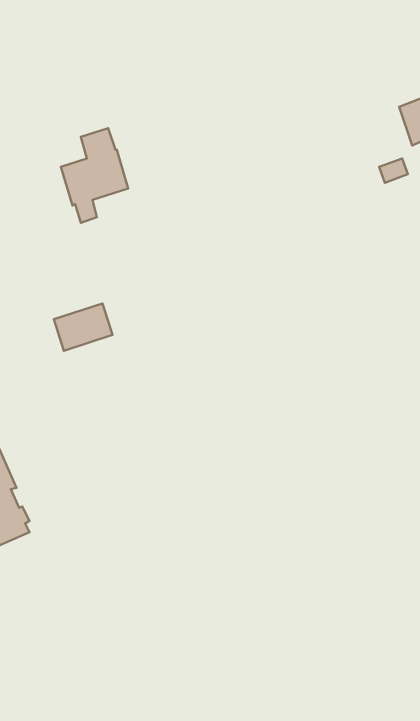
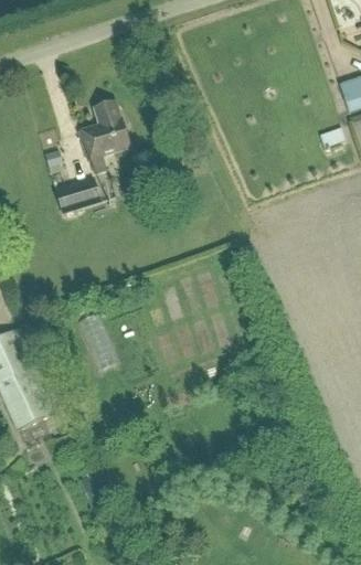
building: [54,303,113,351] -> [55,177,100,213]

